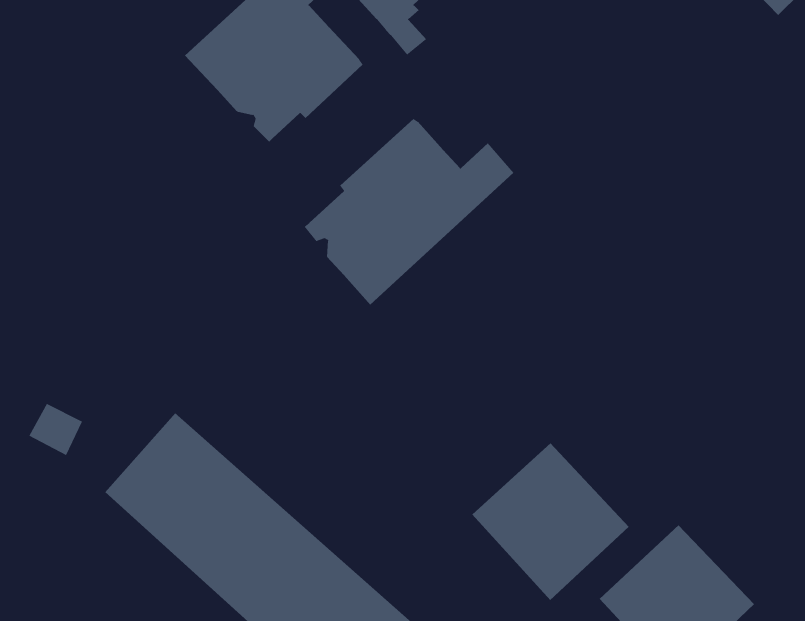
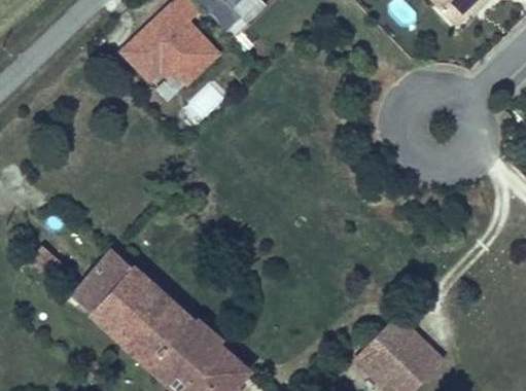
building: [304,118,514,305] -> none
building: [471,442,630,601] -> none

